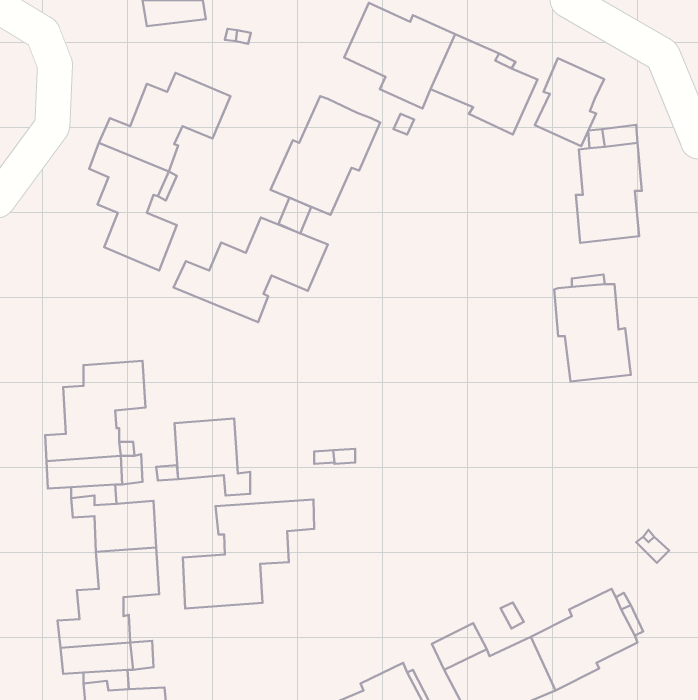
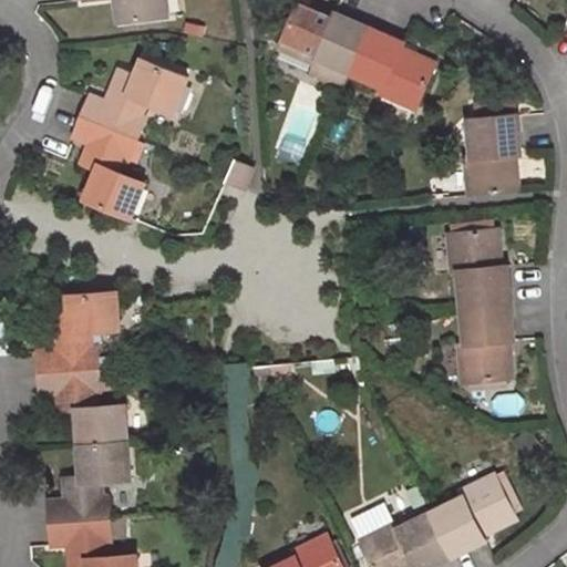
building: [535,58,604,146] -> none
building: [271,96,380,215] -> none
building: [174,218,328,322] -> none
building: none -> [458,303,513,383]
building: [174,418,250,495] -> none
building: [183,500,314,609] -> none

